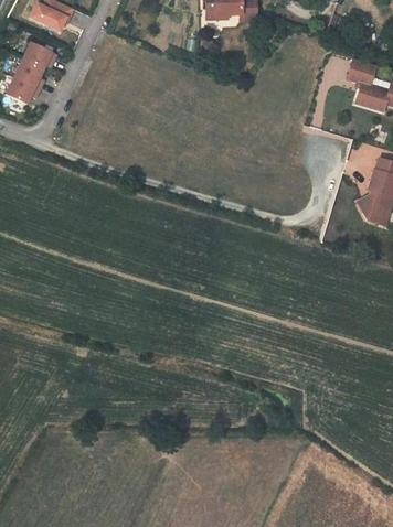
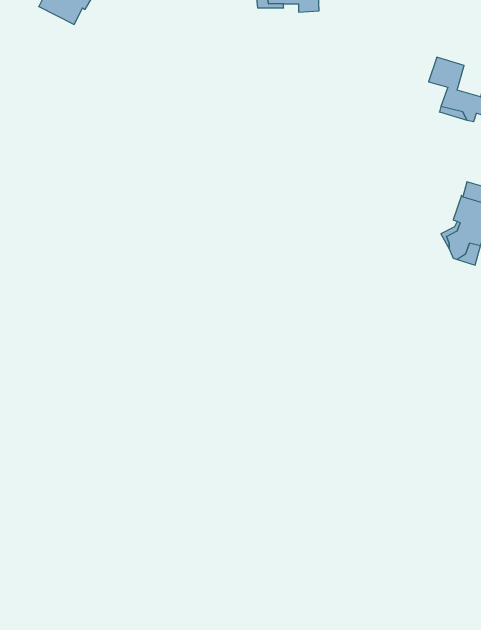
building: [8,42,59,104] -> none

